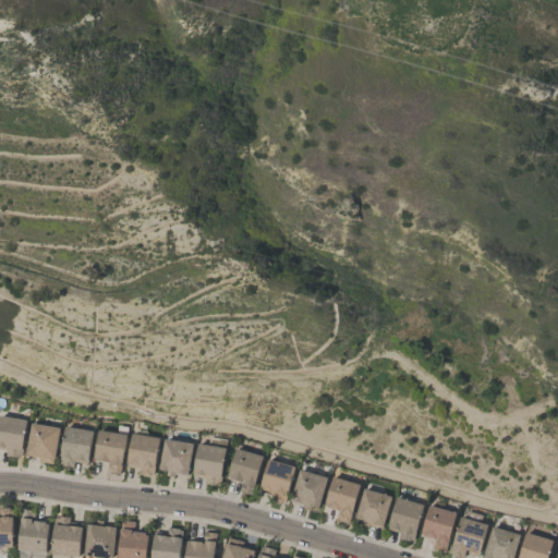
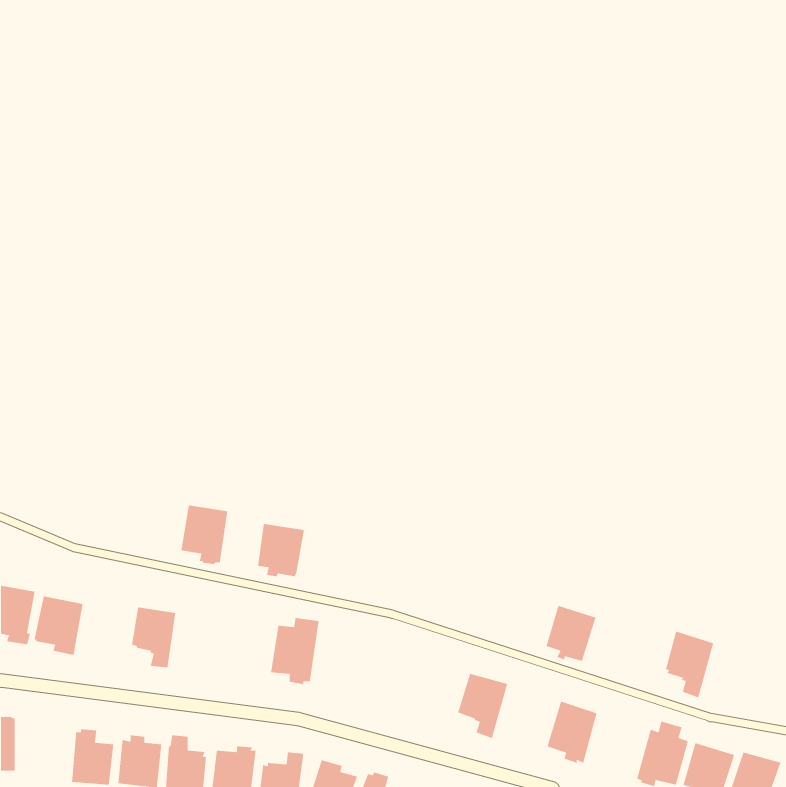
building: [60,425,94,466] -> none
building: [126,433,160,475] -> [180,505,228,565]
building: [160,438,194,476] -> [257,523,305,577]
building: [229,447,264,494] -> none
building: [259,458,296,502] -> none
building: [291,469,328,510] -> none
building: [356,487,392,527] -> [546,605,596,662]
building: [422,504,457,551] -> [665,630,714,698]
building: [19,509,49,551] -> none

